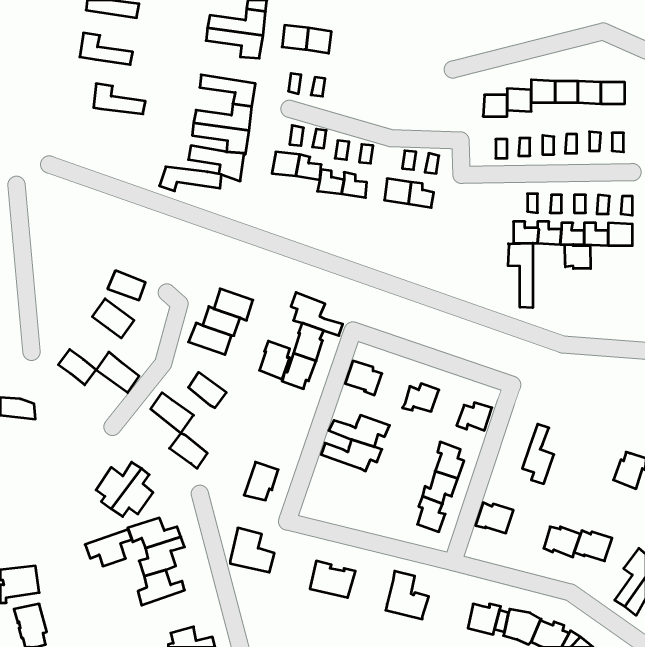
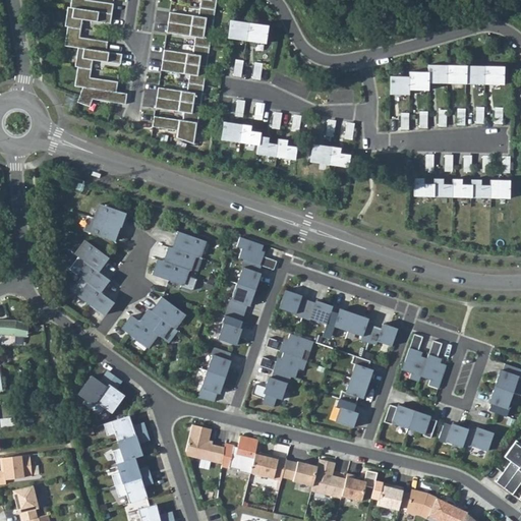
building: none -> [65,7,111,28]
building: none -> [163,46,210,67]
building: none -> [76,48,122,69]
building: [159,167,221,191] -> [77,88,127,107]
building: [508,243,533,308] -> none
building: [565,244,591,269] -> none
building: none -> [95,204,125,227]
building: [259,341,290,379] -> [218,315,242,346]
building: [58,349,96,385] -> [78,264,109,292]
building: none -> [302,300,333,325]
building: none -> [348,313,374,342]
building: none -> [402,334,427,382]
building: none -> [207,347,231,378]
building: [169,433,207,468] -> [139,309,170,338]
building: none -> [263,370,291,400]
building: none -> [489,386,513,416]
building: none -> [408,410,437,438]
building: [85,529,132,566] -> [115,474,153,504]
building: none -> [222,437,258,474]
building: none -> [286,461,317,485]
building: none -> [341,473,366,501]

